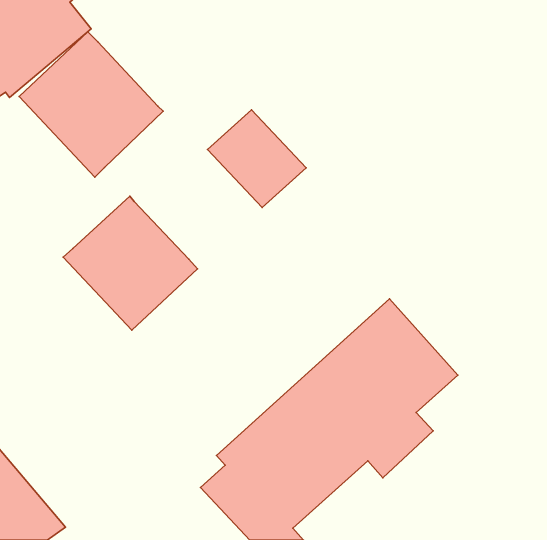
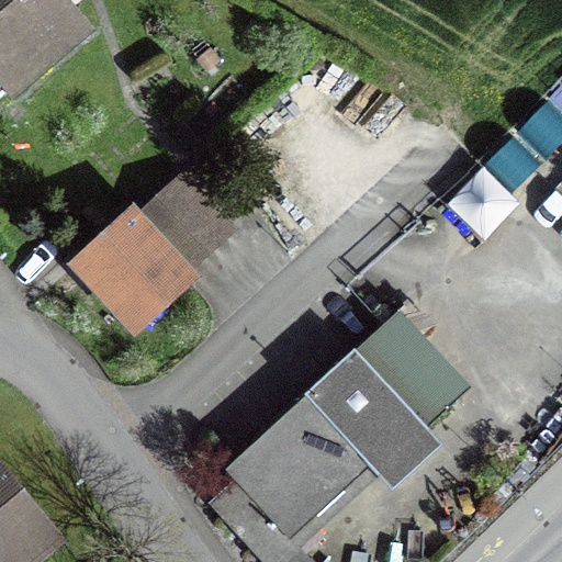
building: [19,32,163,177] -> none
building: [208,110,306,207] -> [137,166,238,266]

